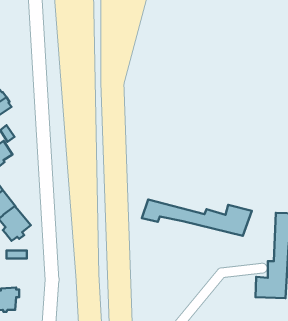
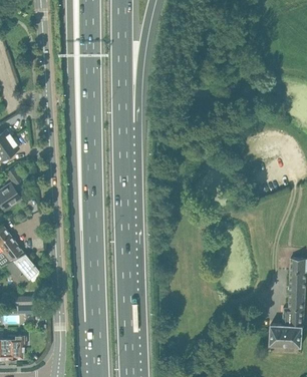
building: [142,199,252,236] -> none

